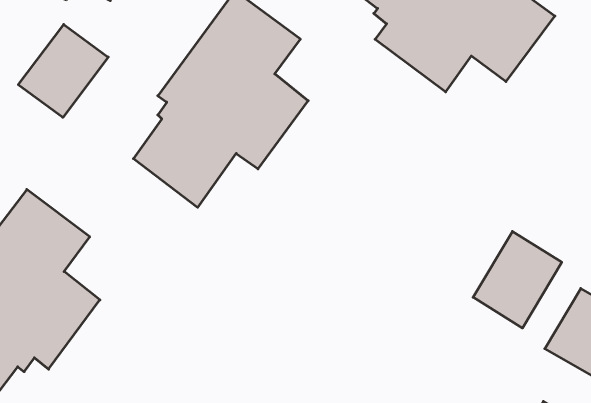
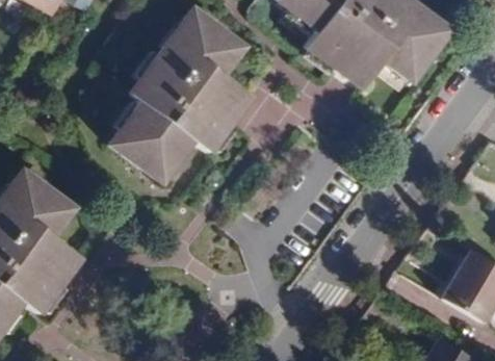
building: [18,24,108,117] -> none
building: [473,231,562,328] -> none

